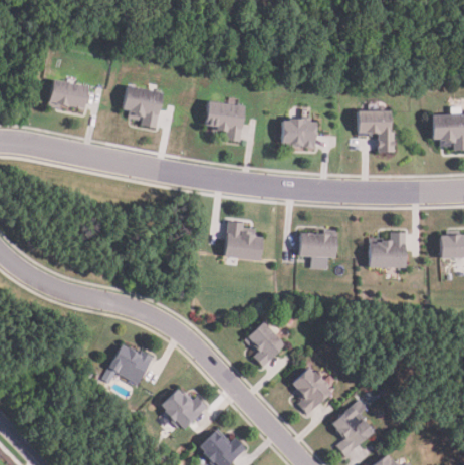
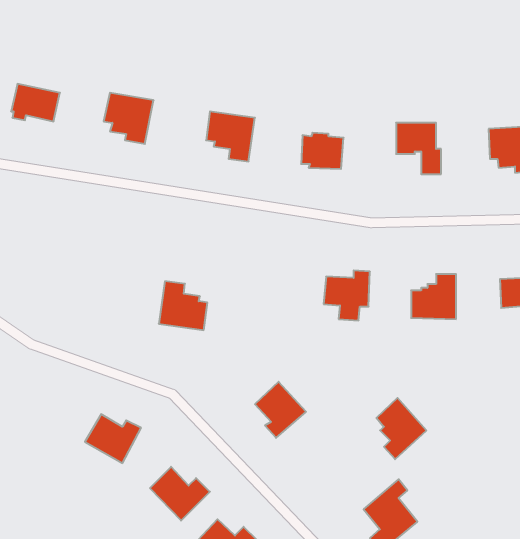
building: [223,222,262,261] -> [159,281,207,330]
building: [291,365,331,414] -> [376,398,426,459]

